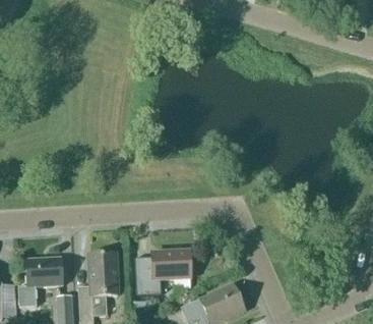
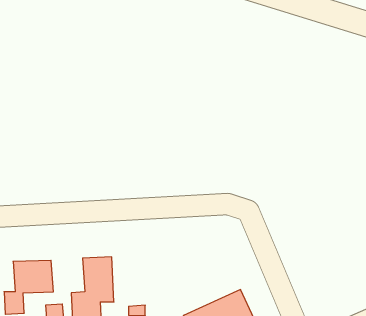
building: [138,251,190,292] -> none

